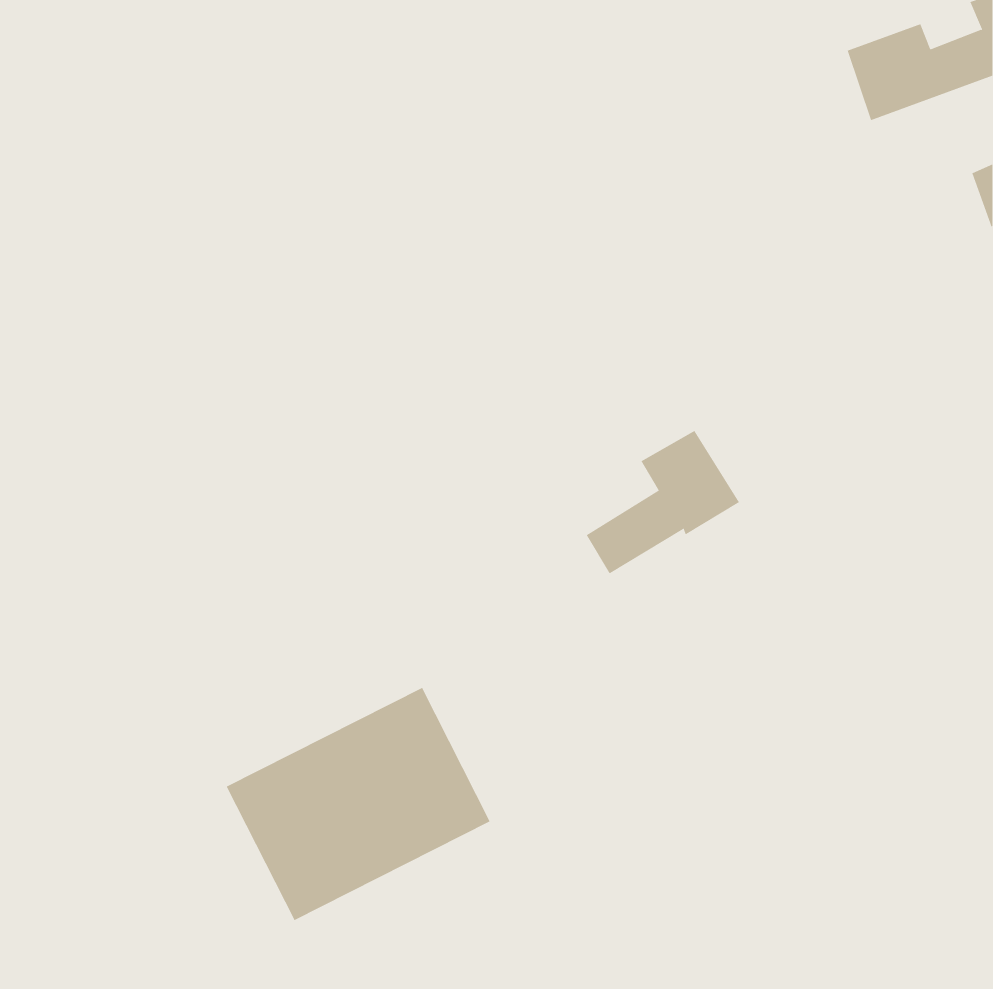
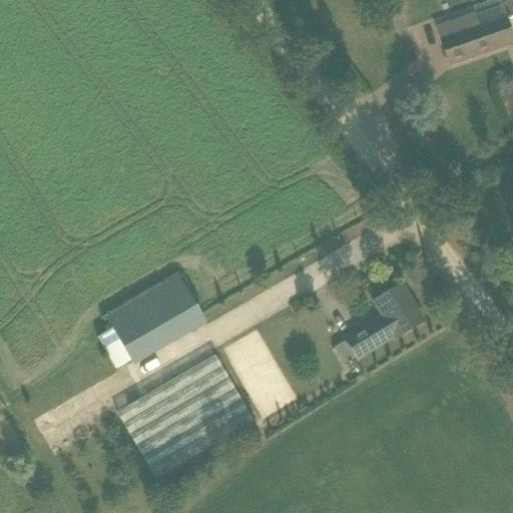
building: [586,430,740,574] -> [344,284,423,358]
building: none -> [104,275,203,362]

